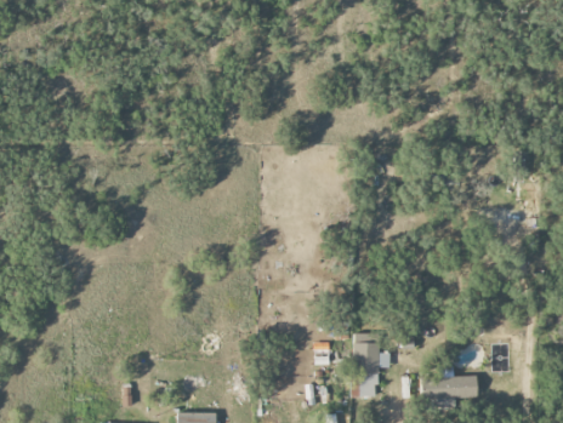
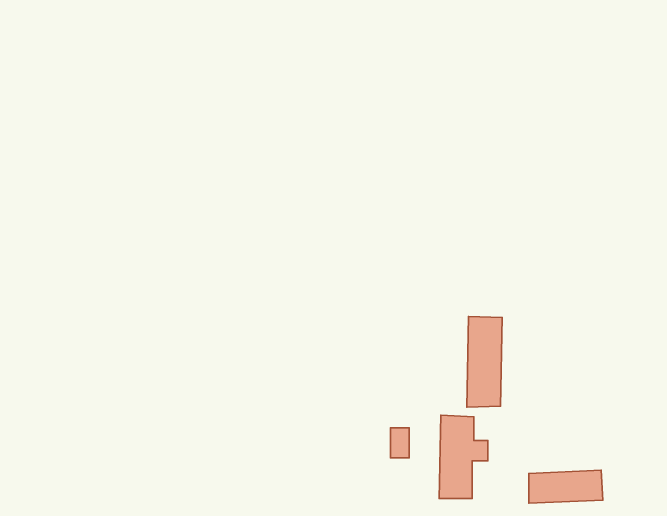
building: none -> [467,316,502,407]

